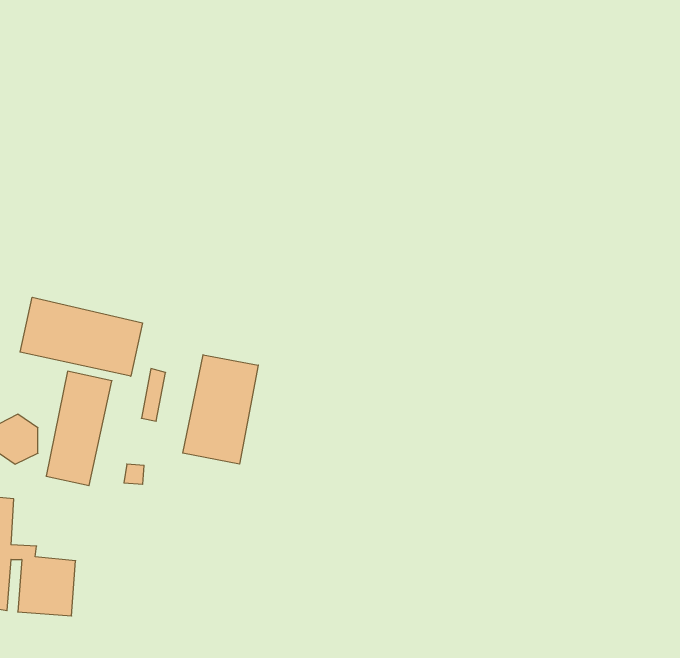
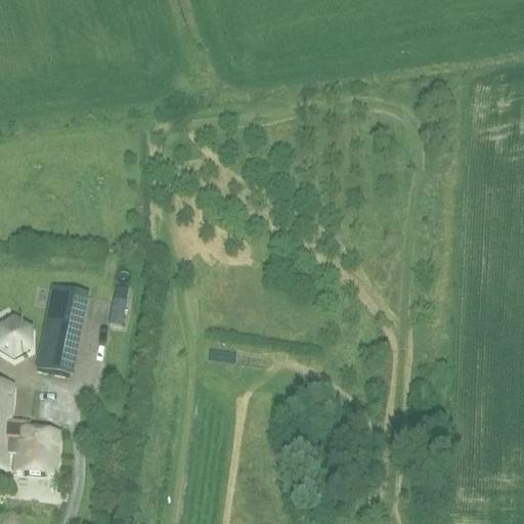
building: [20,297,142,376] -> none
building: [183,355,258,464] -> none

